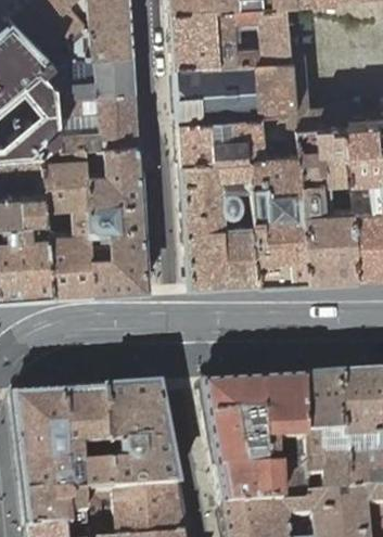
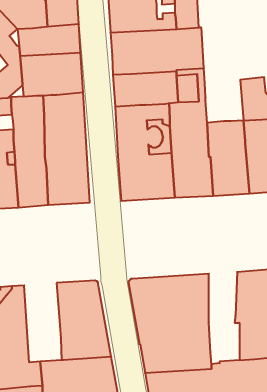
building: [299,126,350,182] -> none
building: [305,378,345,498] -> none
building: [63,392,112,496] -> none

